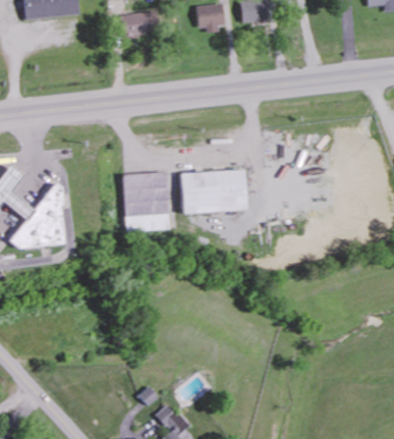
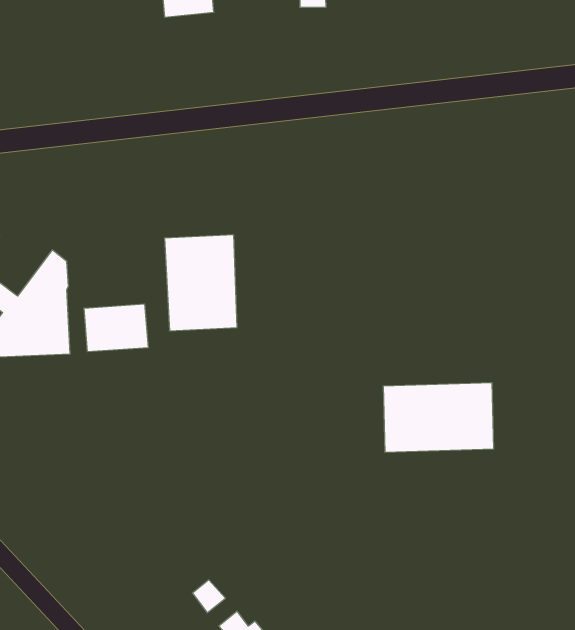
building: [180,170,248,213] -> [383,383,494,452]
building: none -> [84,304,148,352]

